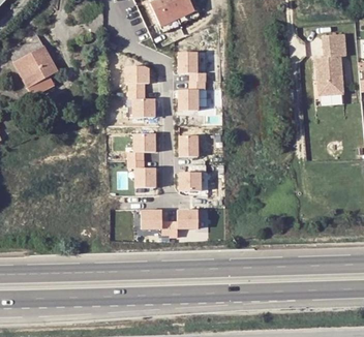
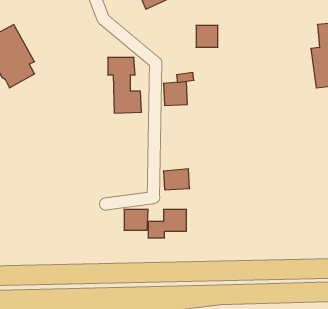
building: [177,53,198,73] -> [196,25,218,47]
building: [127,132,157,188] -> none
building: [178,135,199,157] -> none

